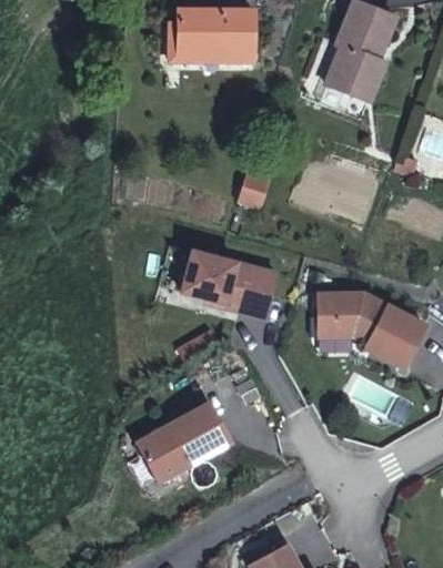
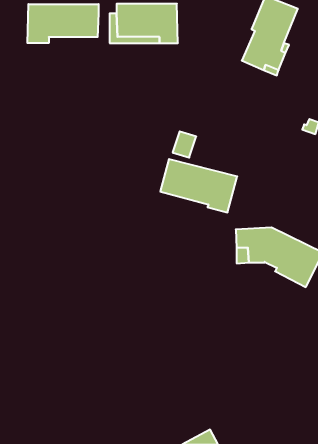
building: none -> [27,4,99,43]
building: [177,251,274,318] -> [160,159,237,212]
building: [132,405,228,487] -> none

